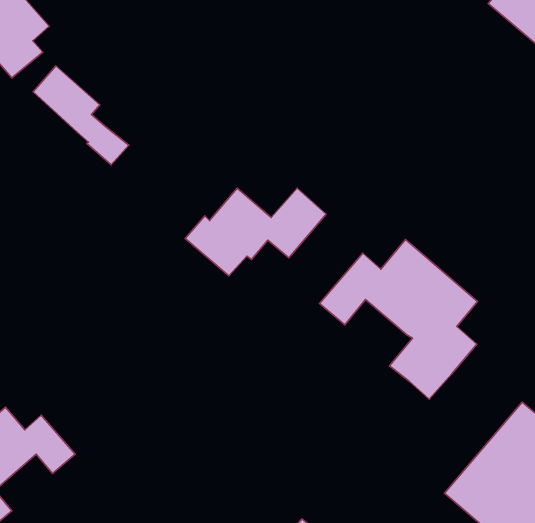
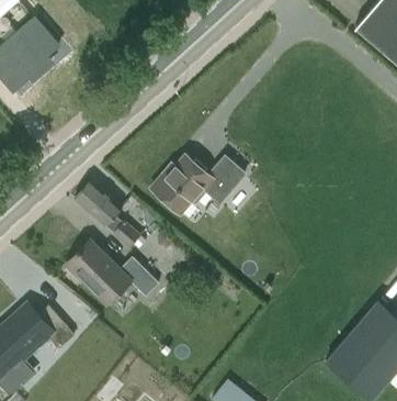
building: [33,66,129,165] -> [77,181,141,248]
building: [319,240,478,399] -> none
building: none -> [66,240,160,305]

